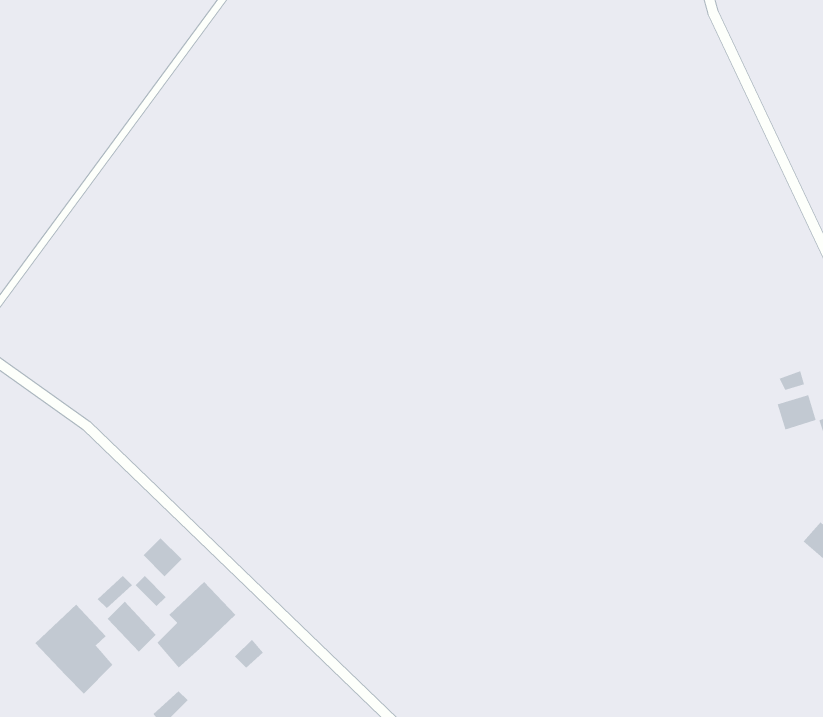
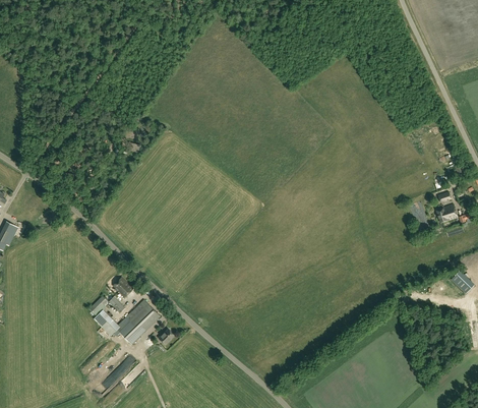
building: [34,604,113,695] -> none

